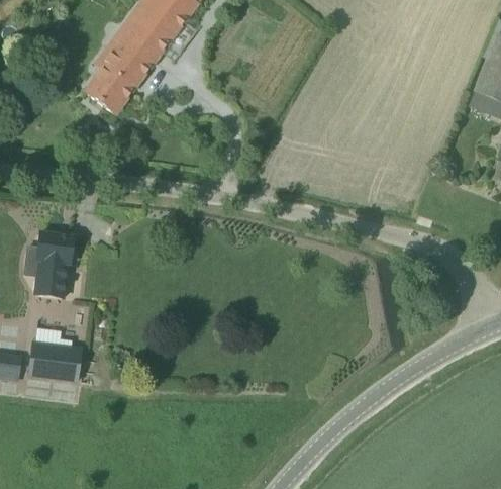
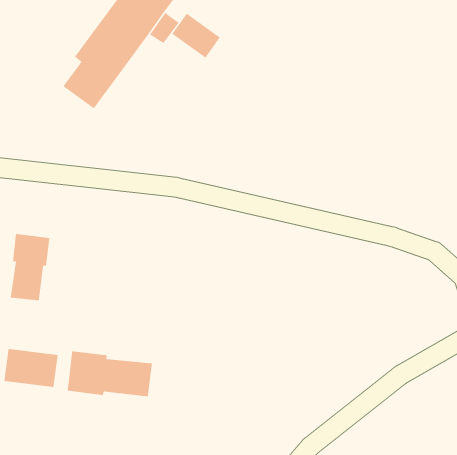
building: none -> [172,13,221,58]
building: none -> [67,350,153,397]

